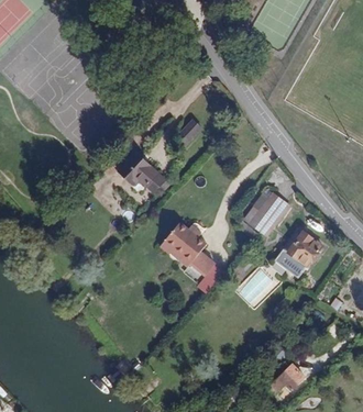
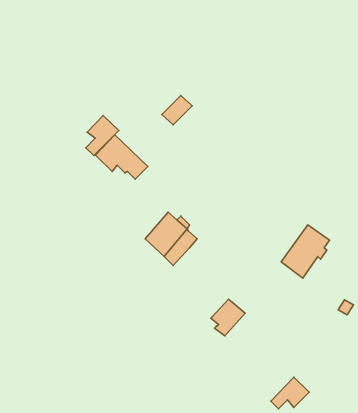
building: none -> [86,115,119,156]
building: [249,191,289,235] -> none
building: [185,250,214,282] -> [211,299,245,336]

